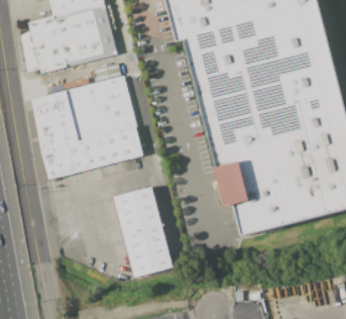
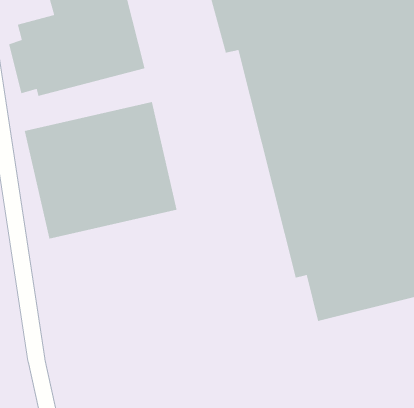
building: [113,190,171,280] -> none

